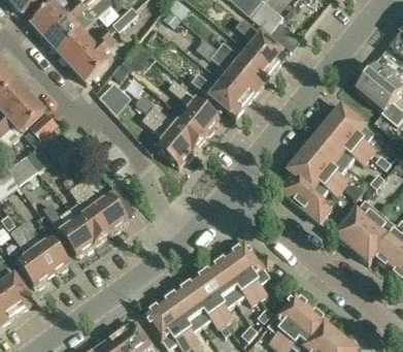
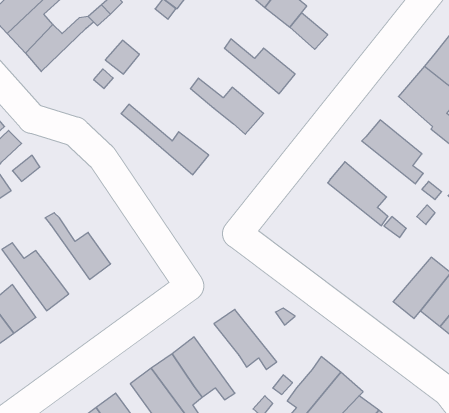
building: [235,18,286,69] -> none
building: [73,33,115,81] -> none
building: [209,49,261,100] -> none
building: [168,81,217,133] -> none
building: [99,82,130,115] -> none
building: [142,110,193,166] -> none
building: [312,122,368,166] -> none
building: [280,155,341,230] -> none
building: [69,183,111,243] -> none
building: [334,199,380,249] -> none
building: [226,242,270,296] -> none
building: [194,266,235,321] -> none

